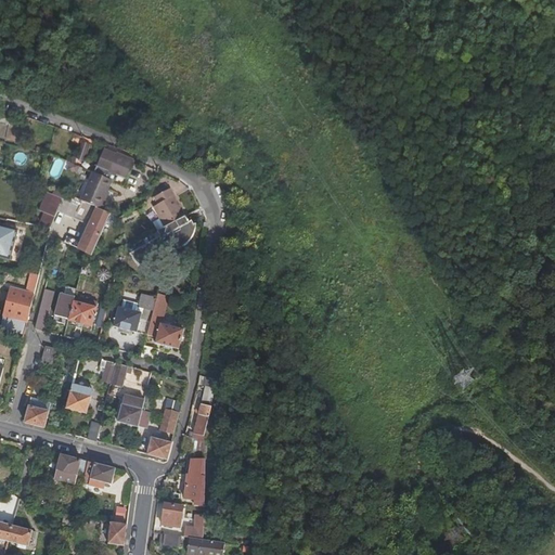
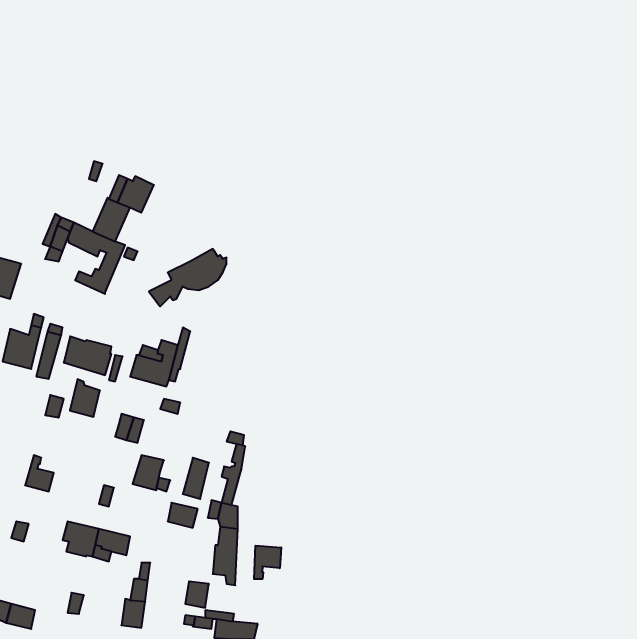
building: [154,189,184,227] -> none
building: [154,323,183,349] -> none
building: [65,379,91,412] -> [70,379,100,417]
building: none -> [254,546,281,579]

